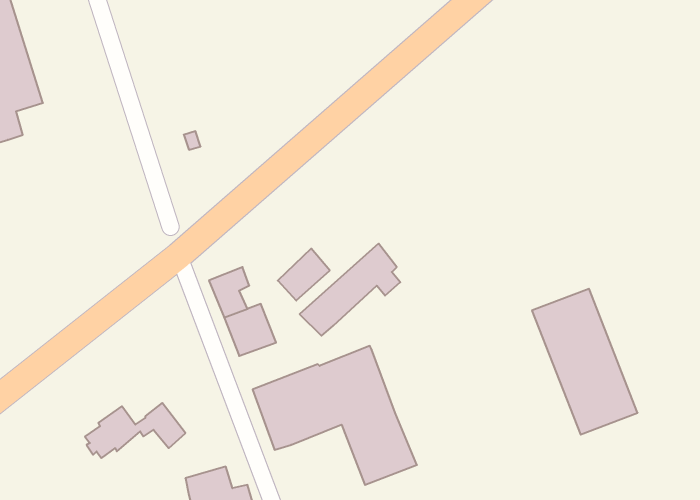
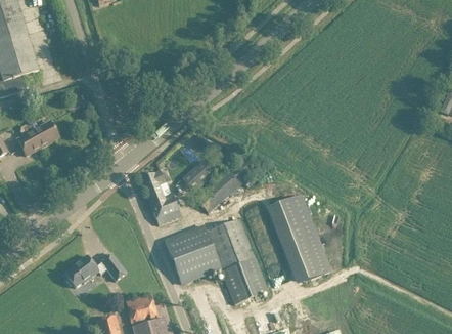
building: none -> [17,121,58,154]
building: [532,289,638,435] -> [267,194,331,283]

